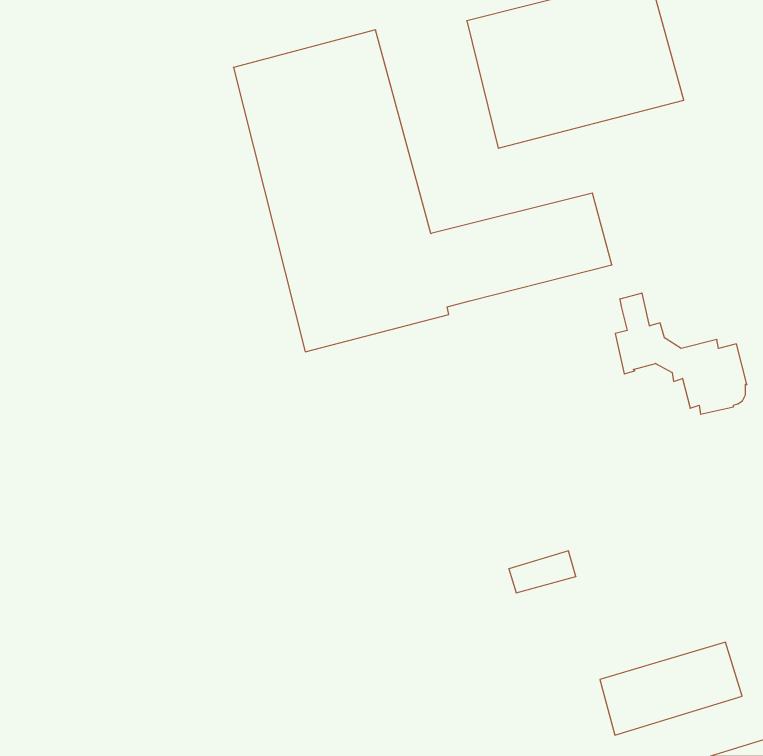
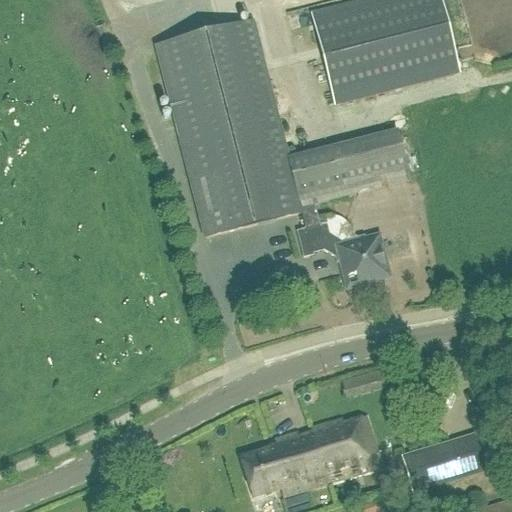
building: [615,293,747,414] -> [297,201,385,282]
building: none -> [240,414,382,495]

